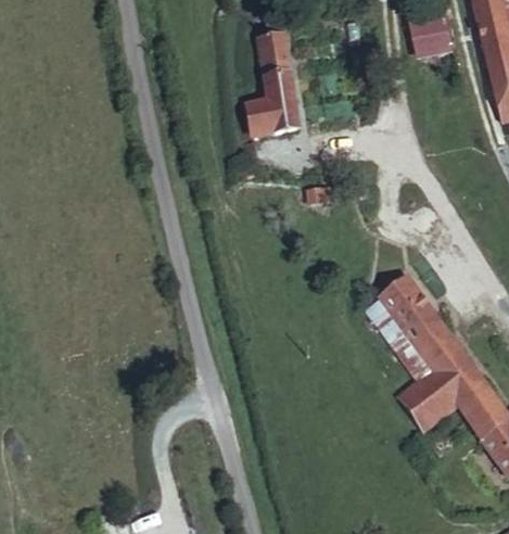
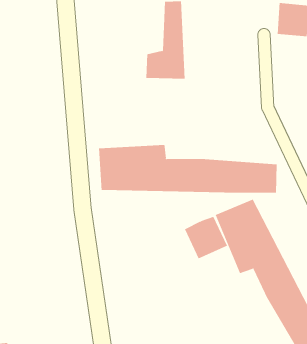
building: none -> [99,144,277,194]
building: [389,365,448,423] -> [184,216,228,259]

